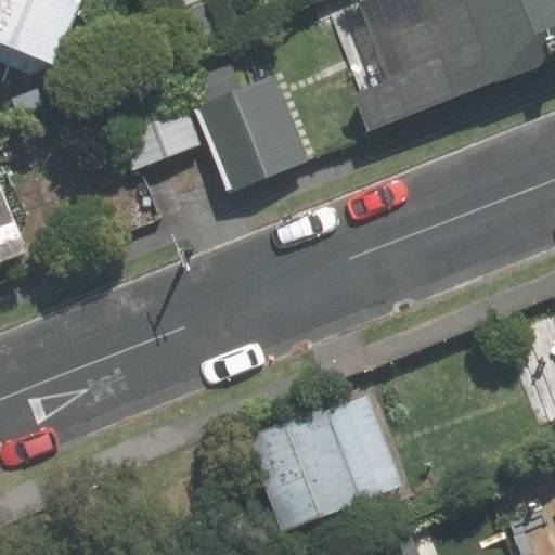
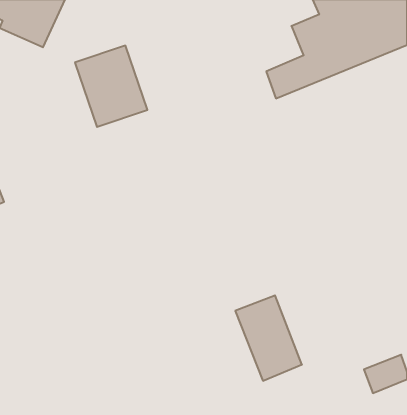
building: [194,76,304,188] -> none
building: [246,414,349,533] -> none

